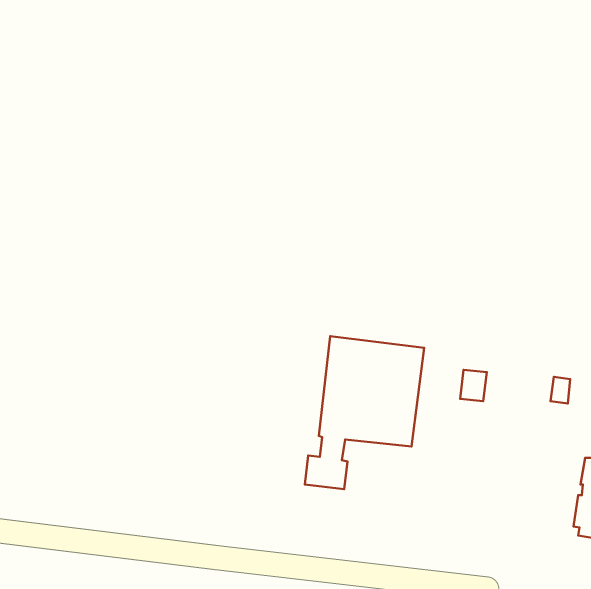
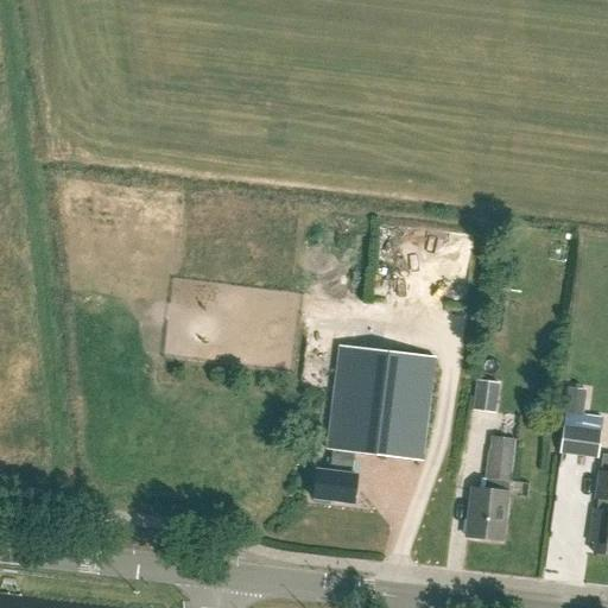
building: none -> [560,424,602,456]
building: none -> [467,448,513,537]

